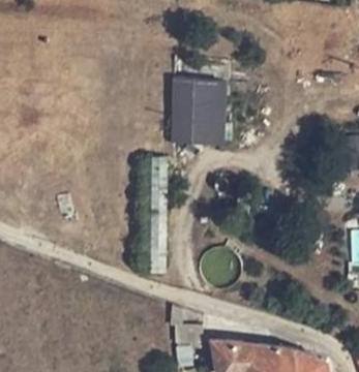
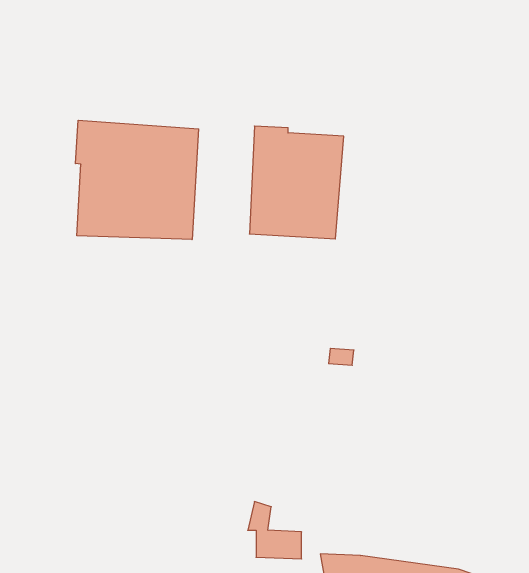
building: none -> [75,120,199,240]

